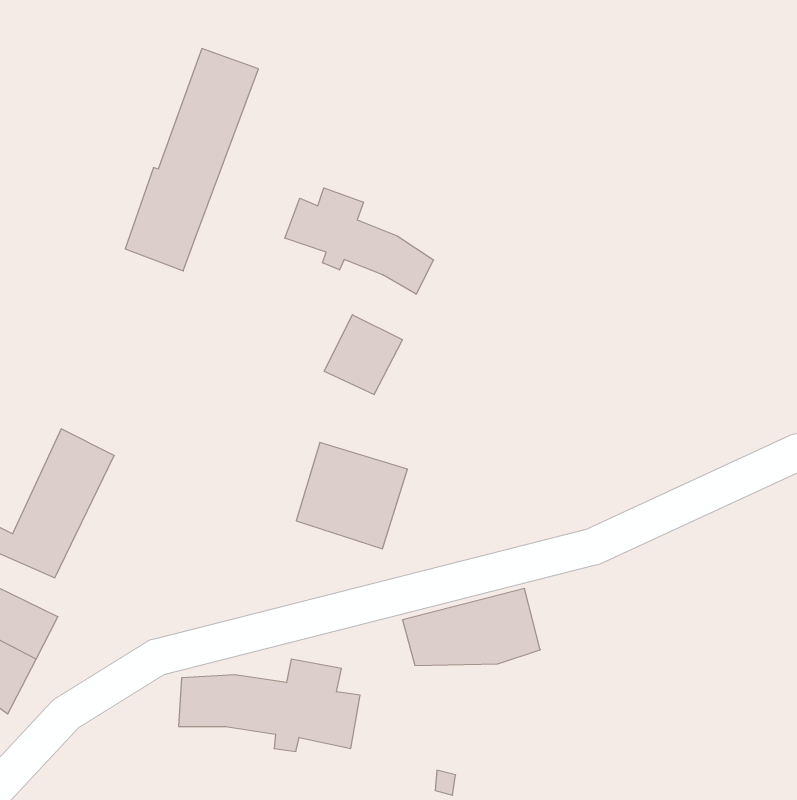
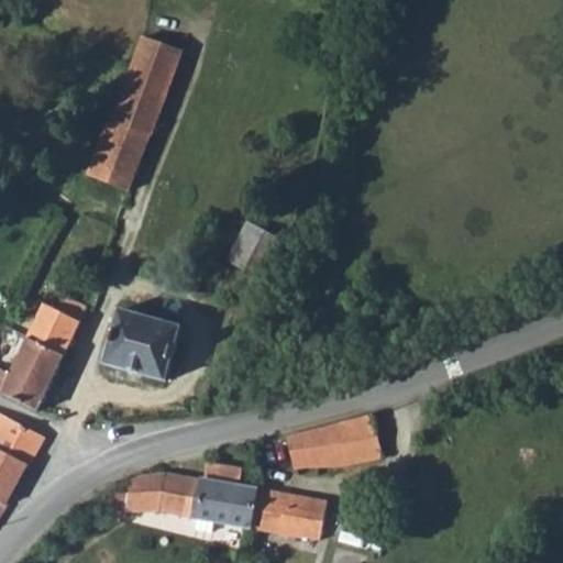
building: [285,188,434,294] -> none
building: [296,443,407,549] -> [103,309,181,384]
building: none -> [246,488,327,538]

